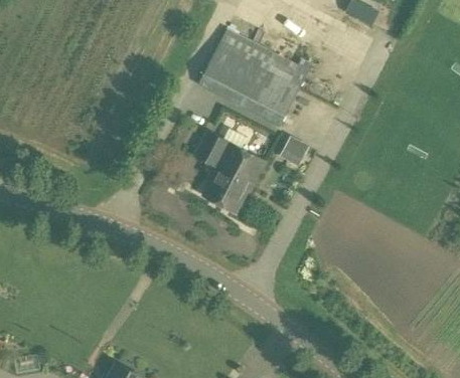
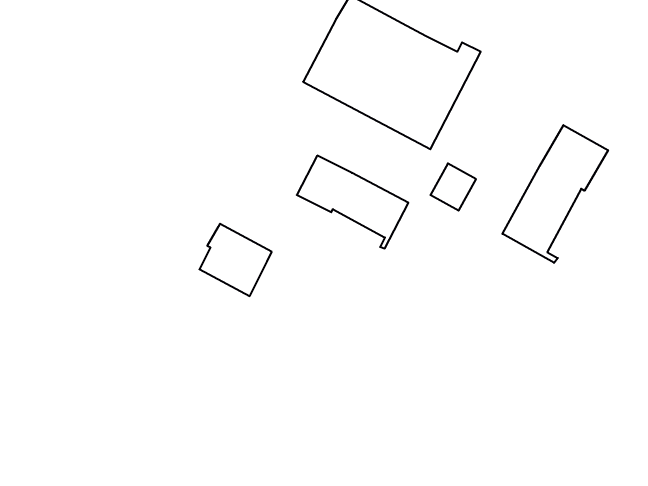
building: none -> [502,125,608,263]
building: [204,165,251,211] -> [199,224,272,296]

